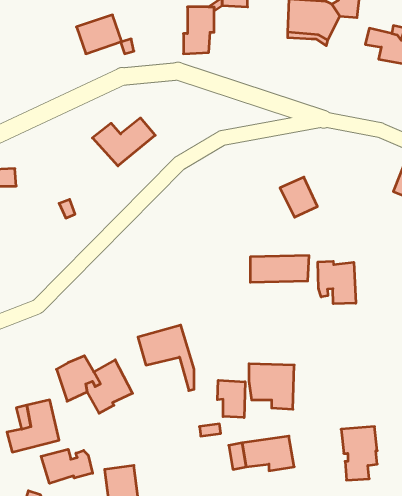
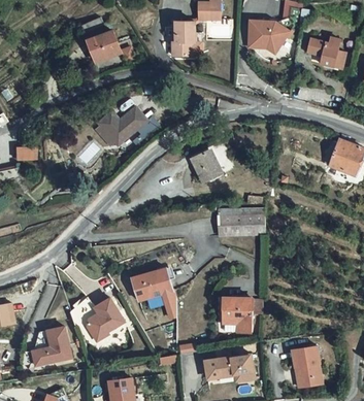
building: [280,177,317,217] -> [192,151,221,181]
building: [318,261,356,304] -> none
building: [217,380,245,418] -> none
building: [41,449,93,483] -> none

